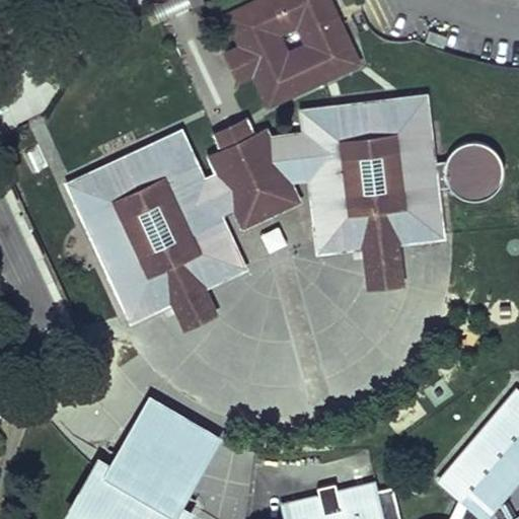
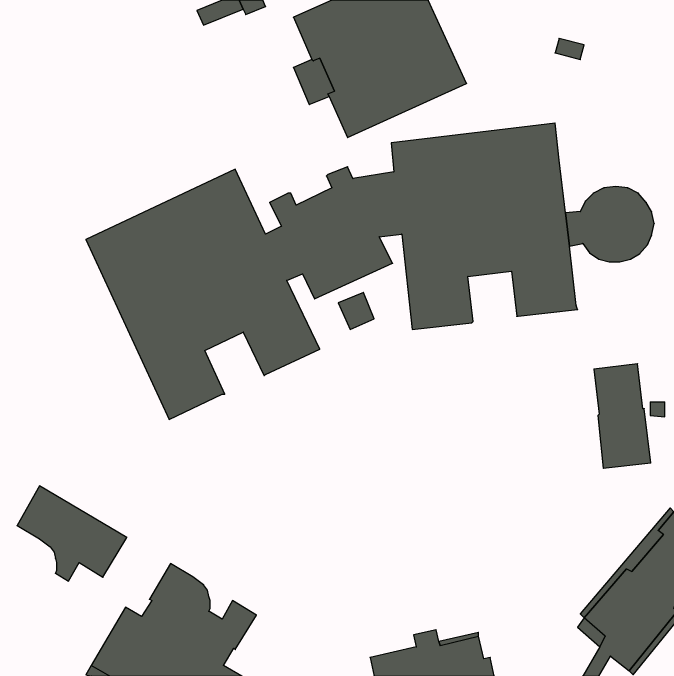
building: [215,120,255,157] -> none
building: [360,208,403,288] -> [594,364,651,468]
building: [158,254,217,328] -> none
building: [132,401,216,474] -> [17,486,127,581]

